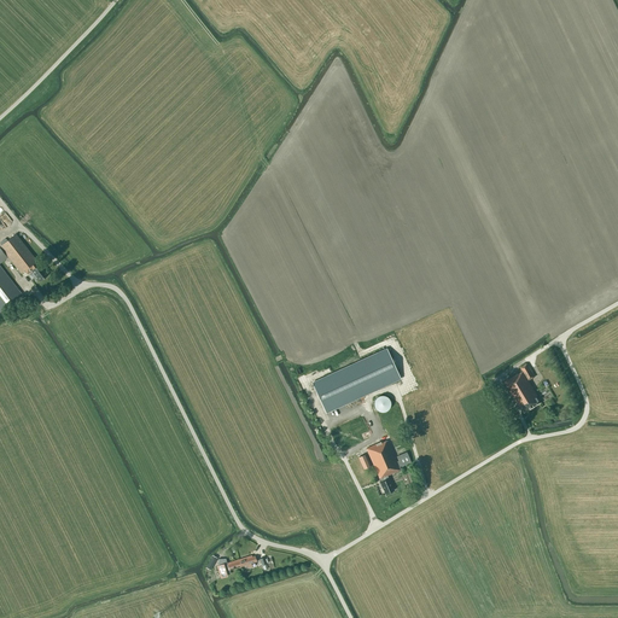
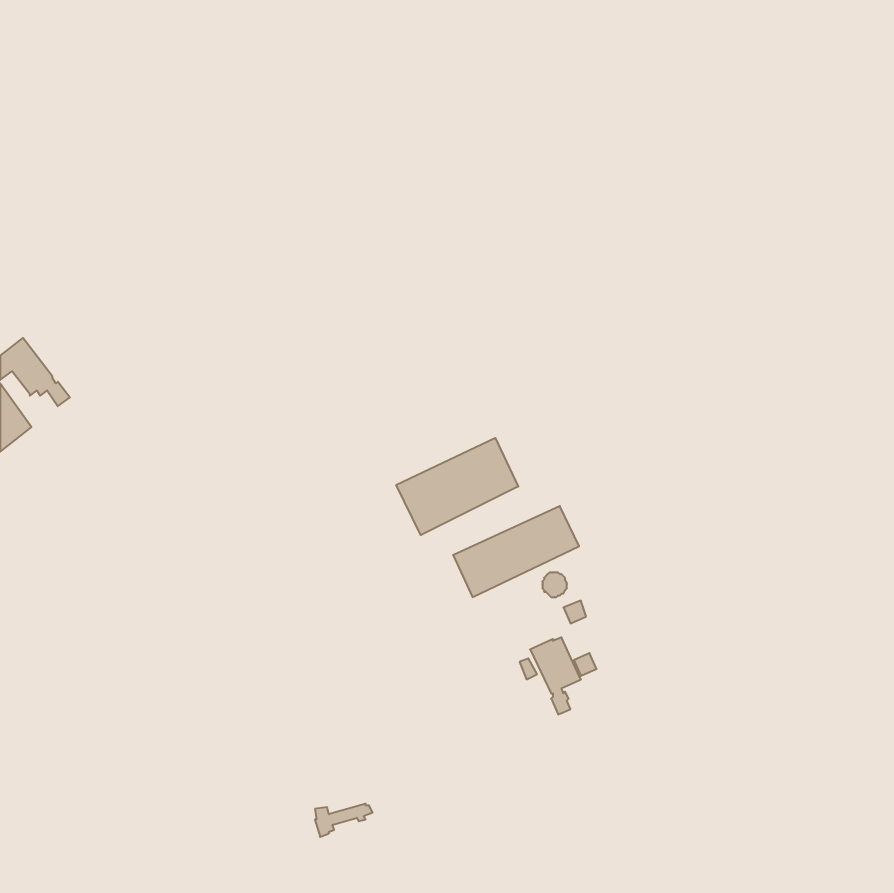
building: none -> [396,438,518,535]
building: [505,362,541,412] -> none

